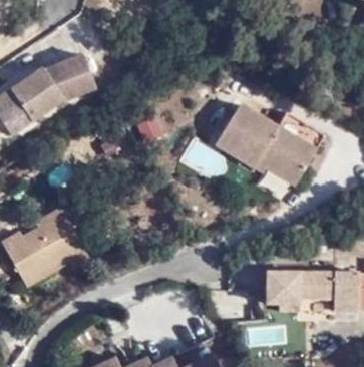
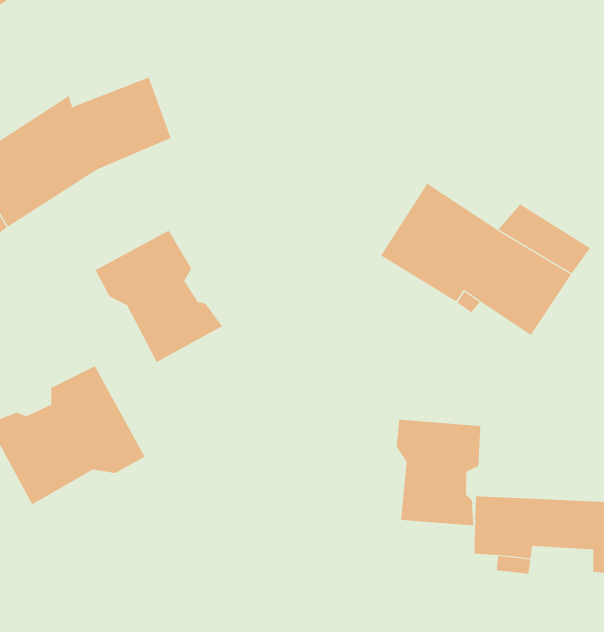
building: none -> [95,230,223,363]
building: none -> [396,419,481,526]

